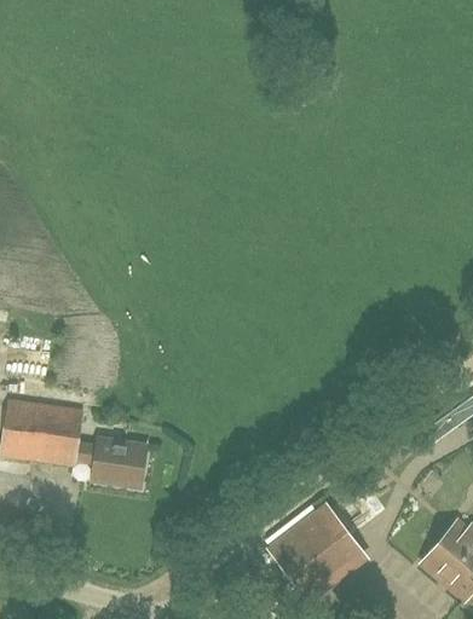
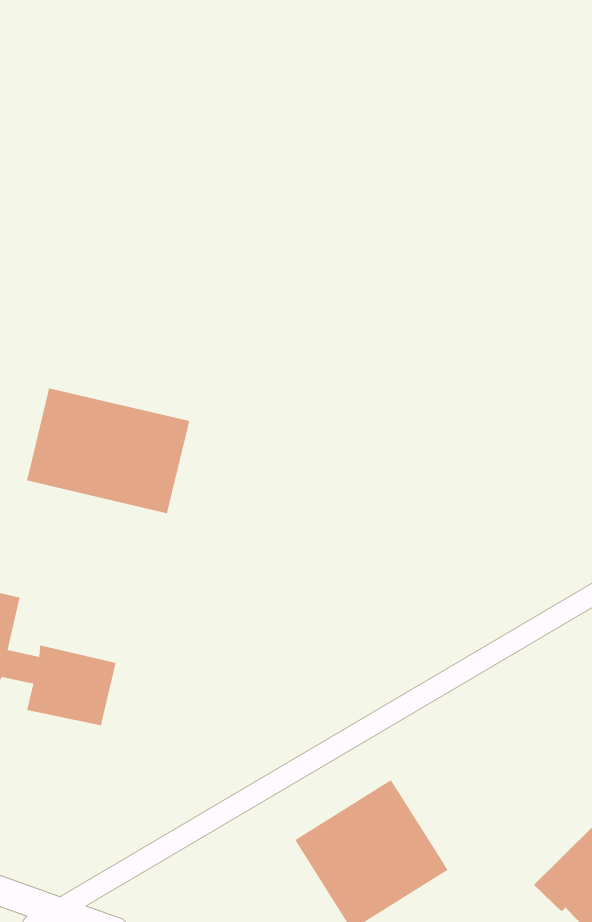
building: none -> [26,387,190,514]

